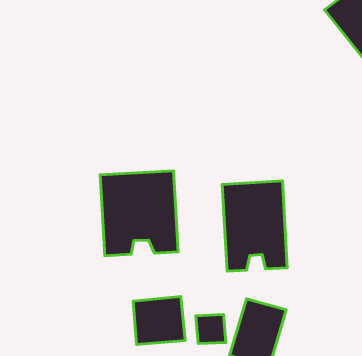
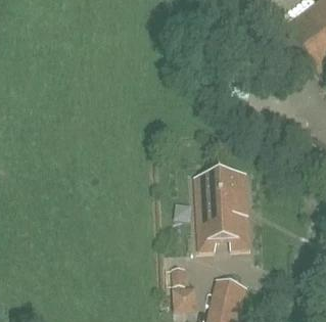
building: [100,171,178,256] -> none
building: [133,297,185,345] -> none

